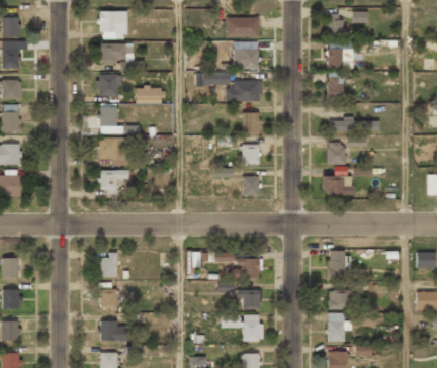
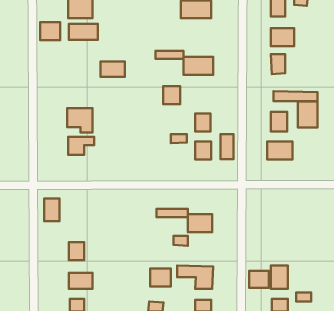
building: [233,50,259,70] -> none
building: [97,75,119,95] -> [40,22,60,40]
building: [99,106,124,133] -> none
building: [241,112,260,132] -> [163,86,180,104]
building: none -> [298,102,317,127]
building: none -> [221,134,234,159]
building: [329,250,349,278] -> none
building: [100,253,117,278] -> [44,199,59,221]
building: [238,290,261,310] -> [150,268,171,286]
building: [328,291,350,310] -> [249,271,269,288]

